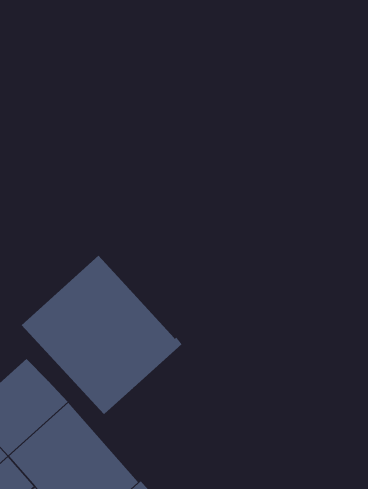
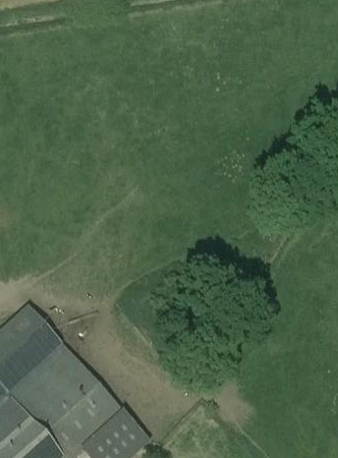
building: [21,255,183,417] -> none

